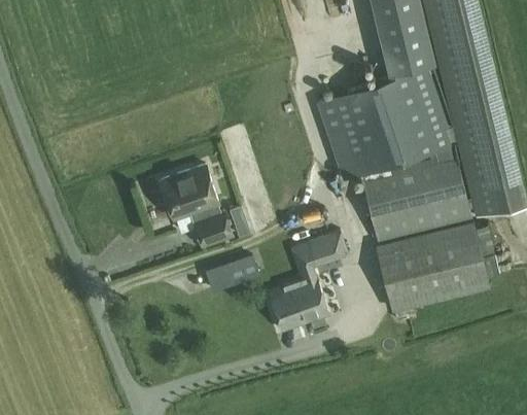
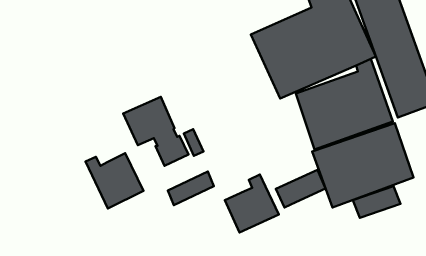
building: none -> [86,153,144,208]
building: [290,232,348,272] -> [276,170,326,208]
building: none -> [353,186,401,218]

